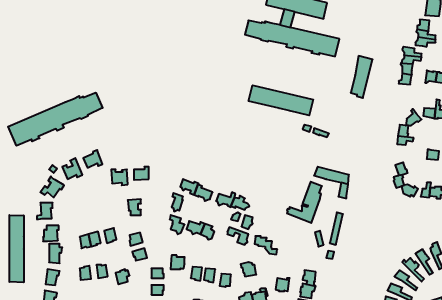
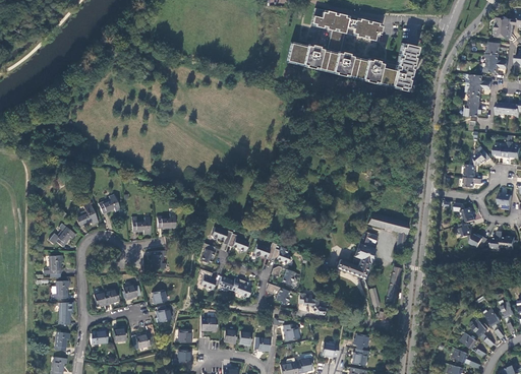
building: [351,56,373,98] -> [391,43,416,91]
building: [249,85,313,115] -> none
building: [8,93,103,146] -> none
building: [9,215,24,282] -> none

